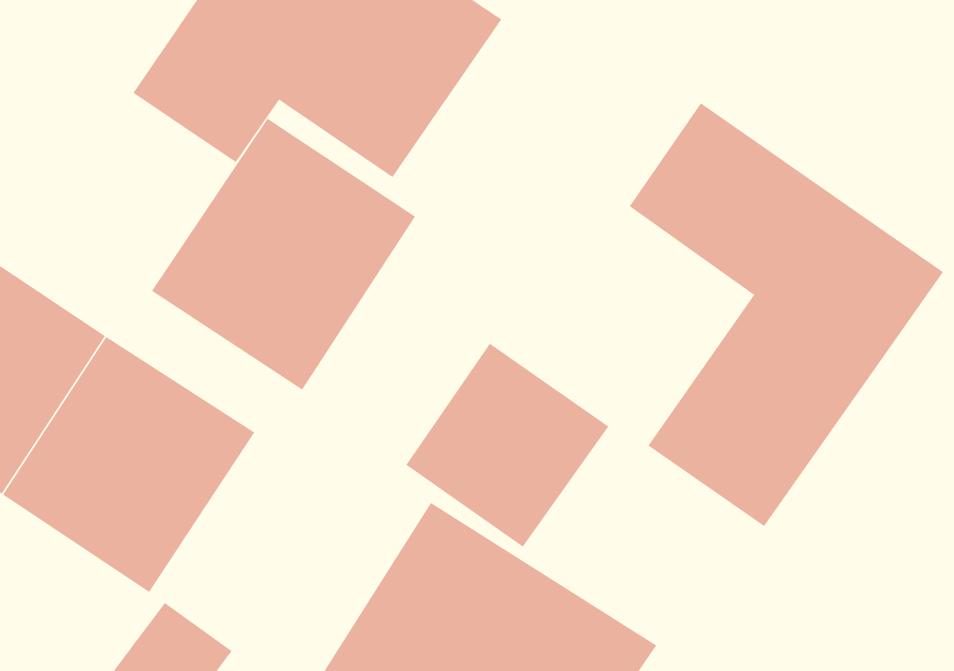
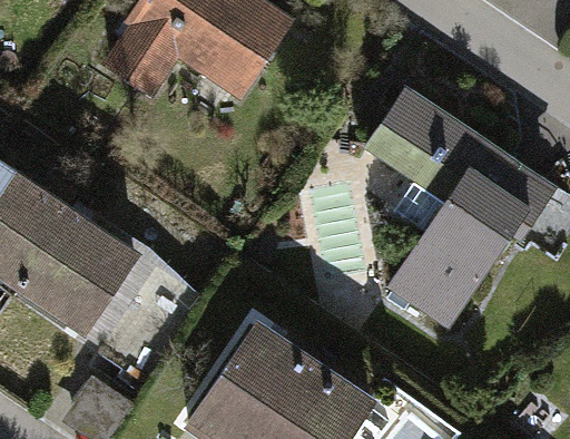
building: [151,118,416,390] -> none
building: [405,343,609,548] -> none

